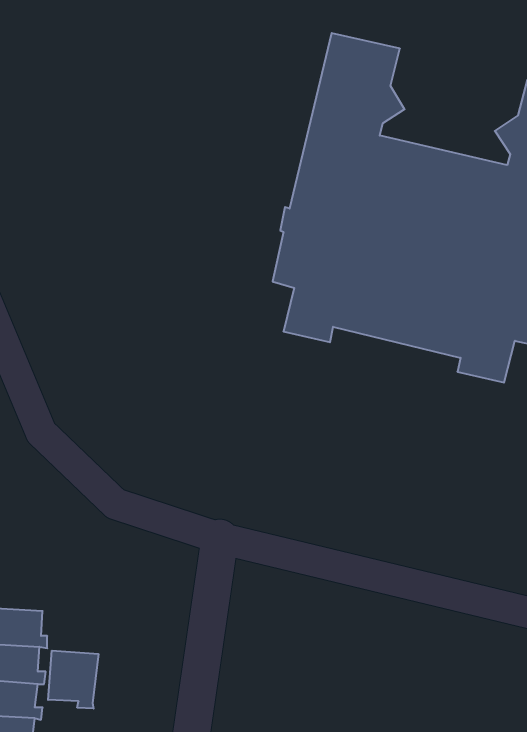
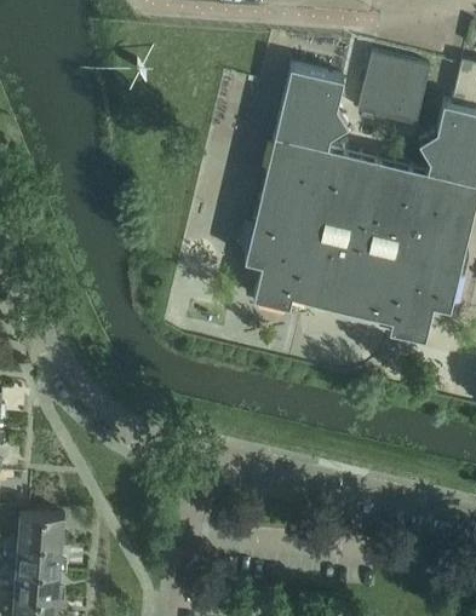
building: none -> [357,54,430,127]
building: [48,651,98,709] -> none

